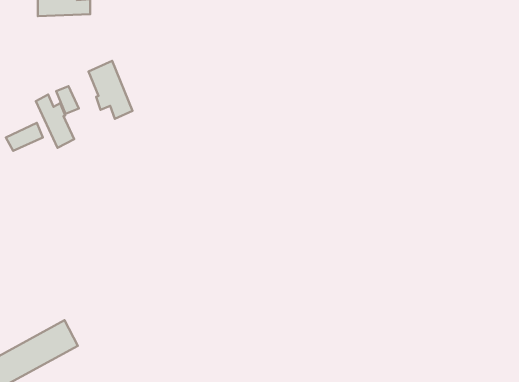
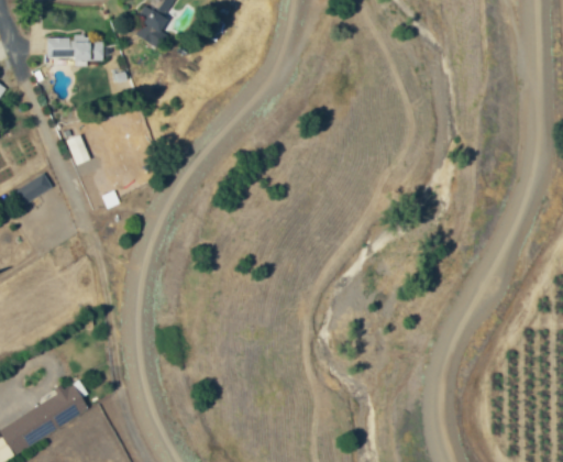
building: [88,61,133,119] -> none
building: [36,95,74,148] -> none

